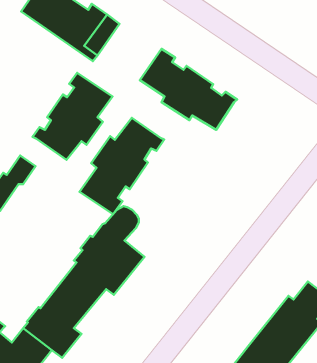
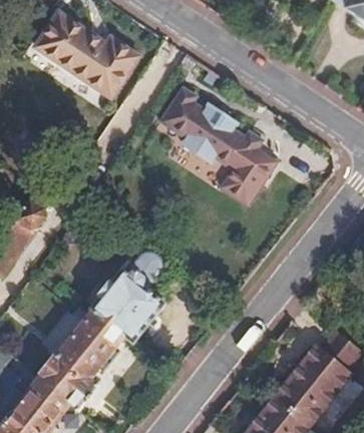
building: [33,73,112,160] -> none
building: none -> [226,142,284,207]
building: [79,118,164,214] -> none

